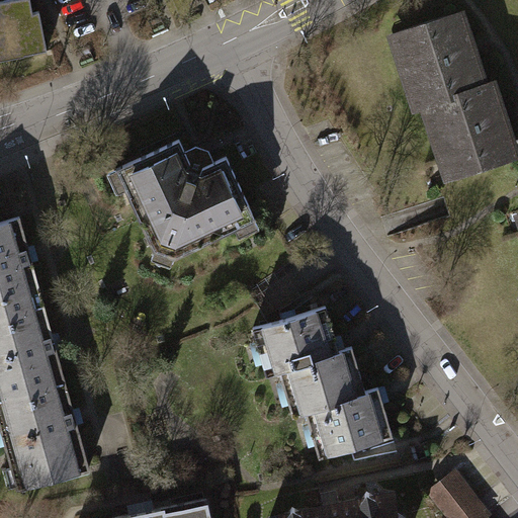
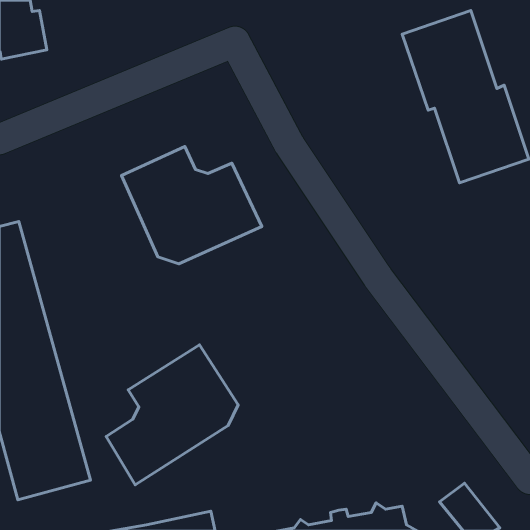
building: [253,307,392,455] -> none
building: none -> [106,345,238,485]

